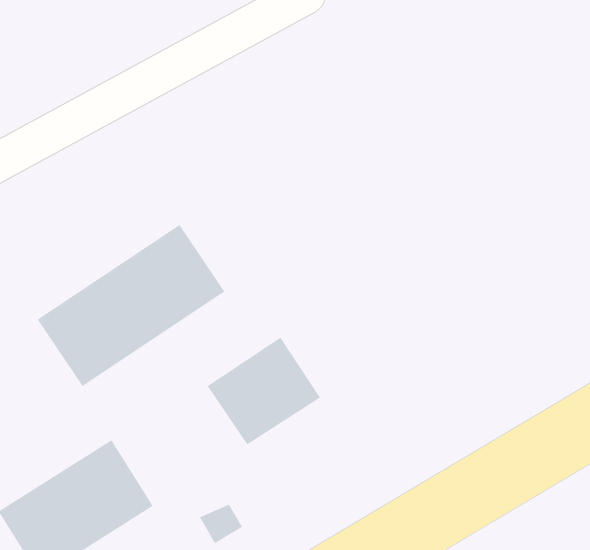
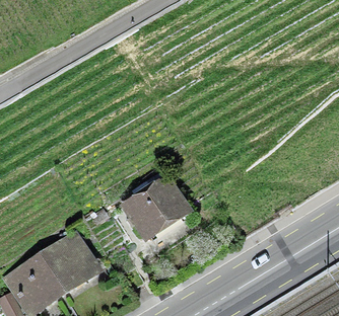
building: [37,224,225,387] -> none

